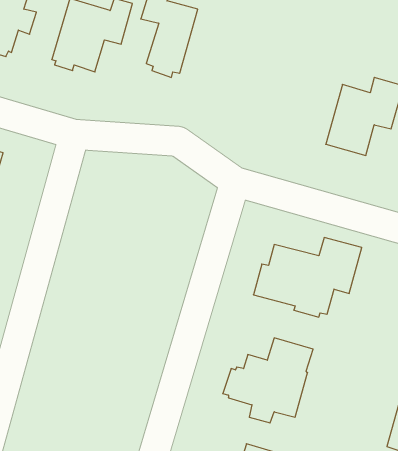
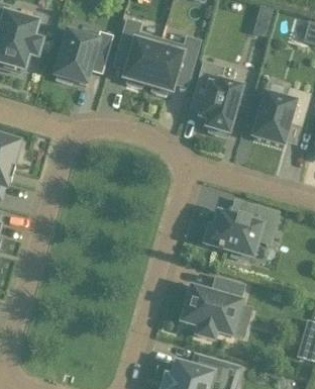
building: none -> [147,36,201,95]
building: none -> [192,60,241,136]

